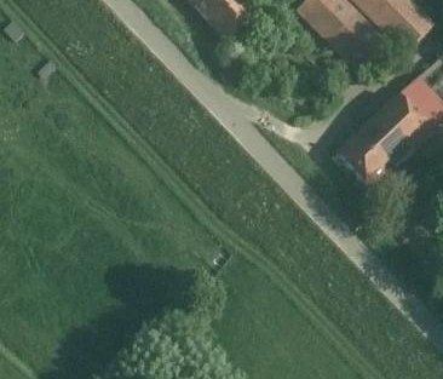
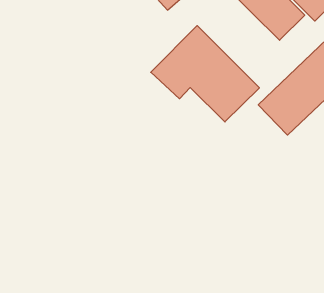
building: none -> [151,26,259,122]

